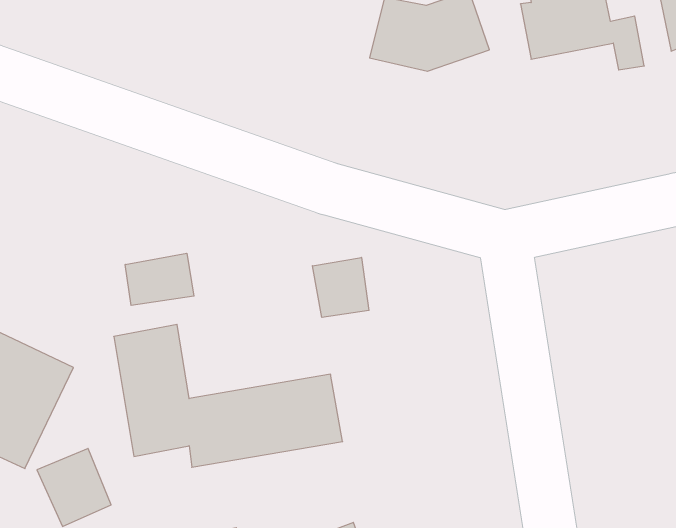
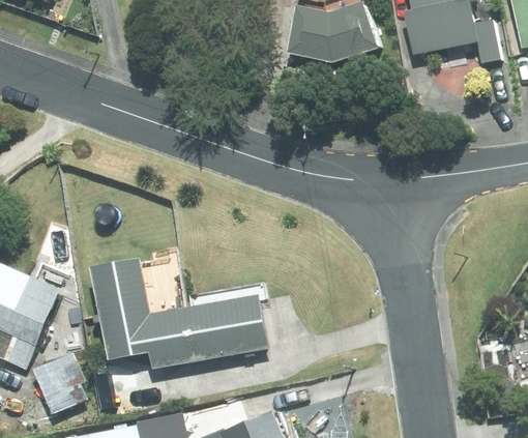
building: [125,253,194,305] -> none
building: [312,257,369,317] -> none

